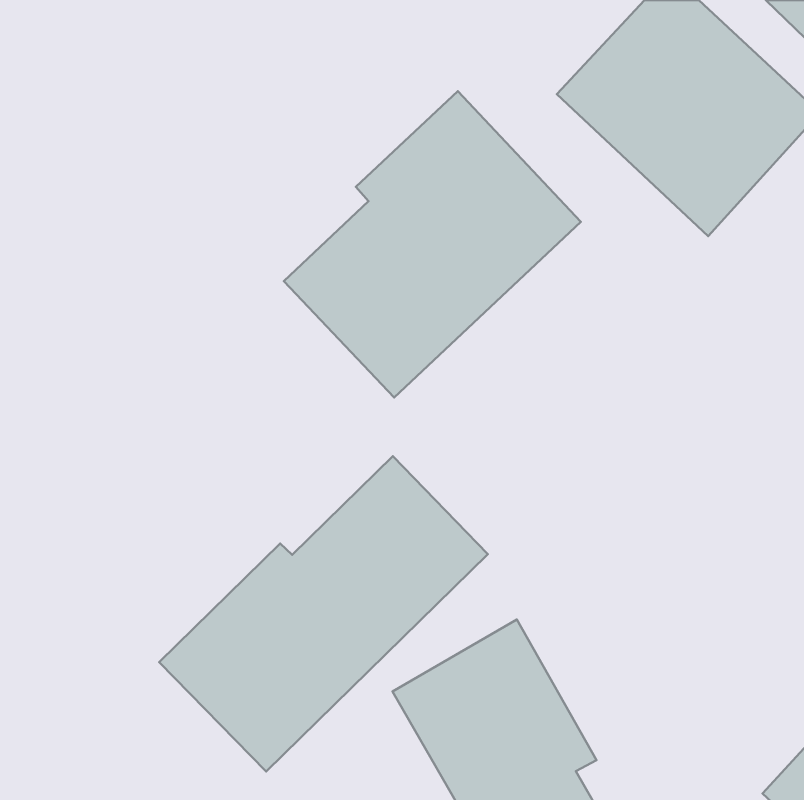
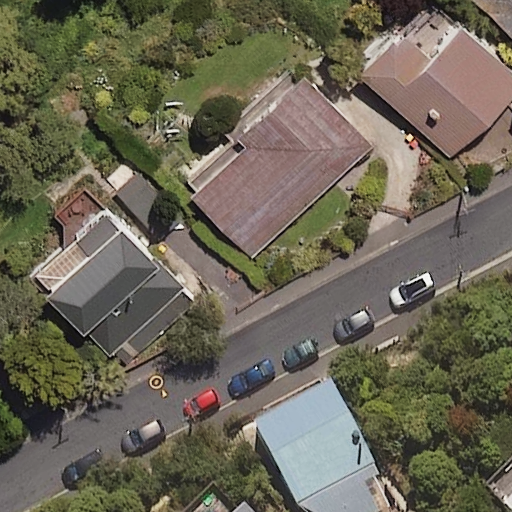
building: none -> [32,209,197,374]
building: [159,456,488,771] -> none

